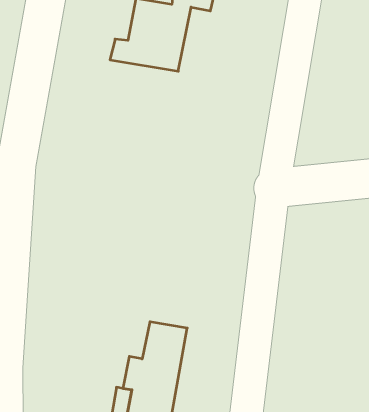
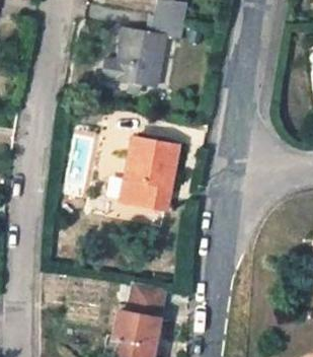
building: none -> [120,138,176,210]

